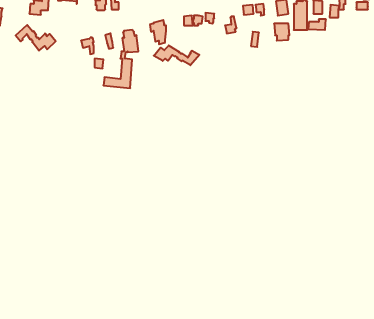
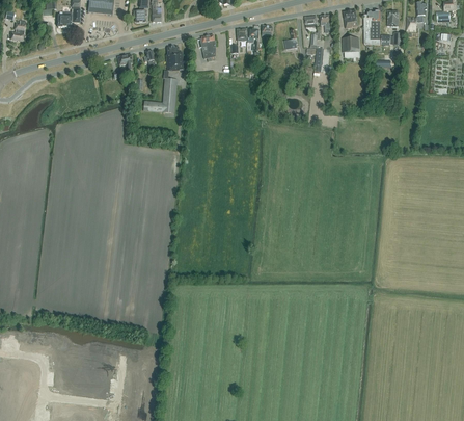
building: [16,25,56,51] -> none
building: [154,45,199,65] -> none

